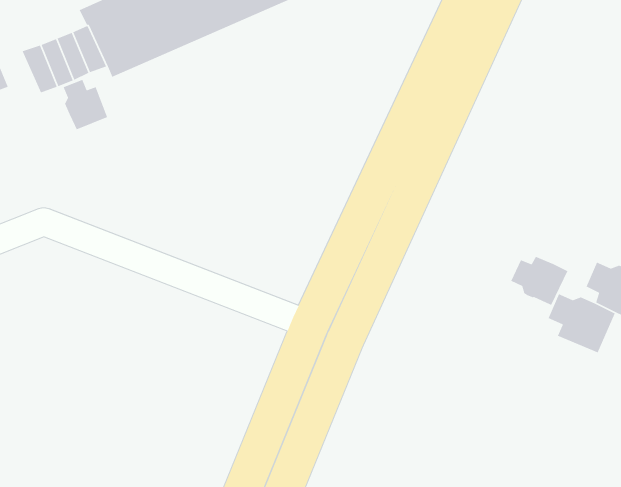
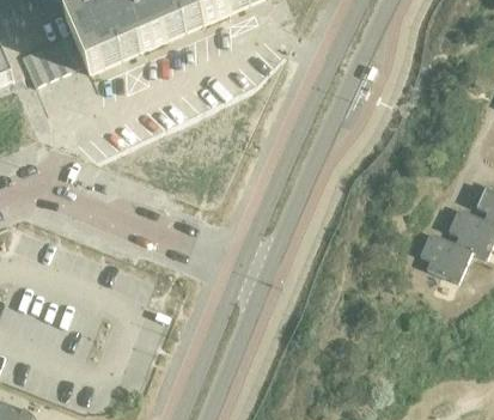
building: [63,79,108,132] -> none
building: [510,256,568,307] -> none

